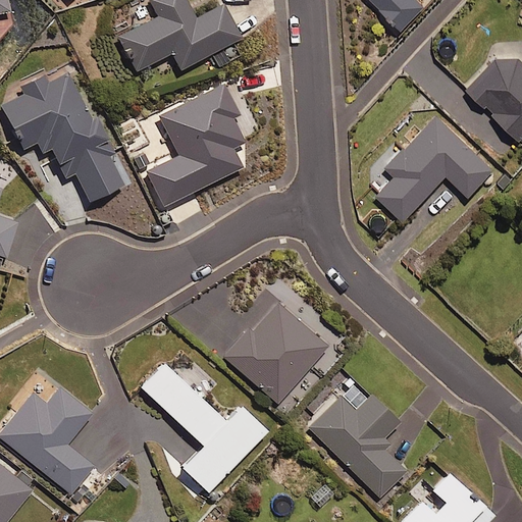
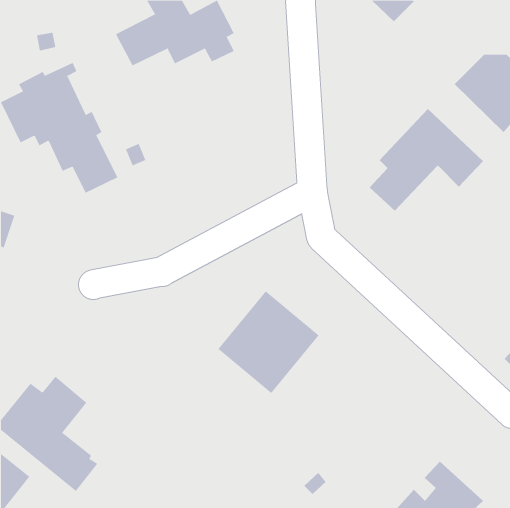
building: [147,87,244,206] -> none
building: [141,358,267,491] -> none
building: [309,395,406,499] -> none

